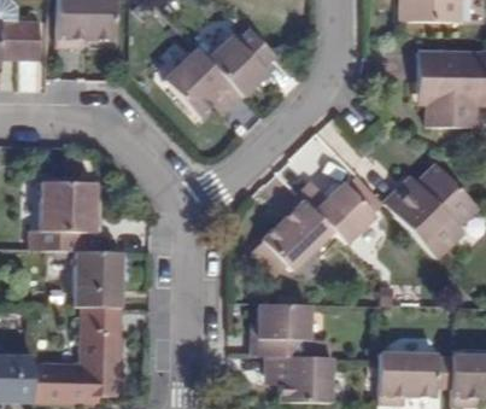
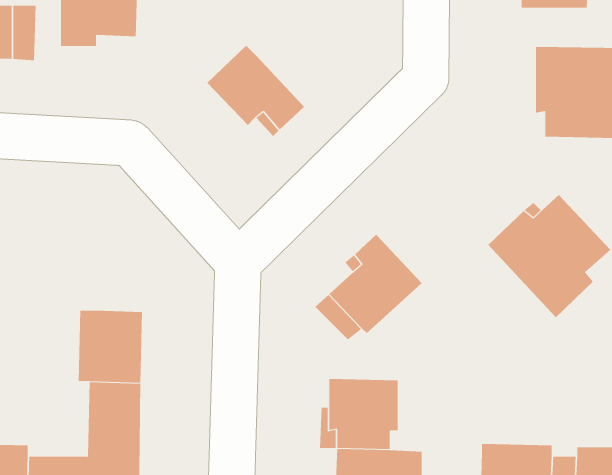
building: [207,28,275,97] -> none
building: [298,180,375,244] -> none
building: [29,181,93,251] -> none

